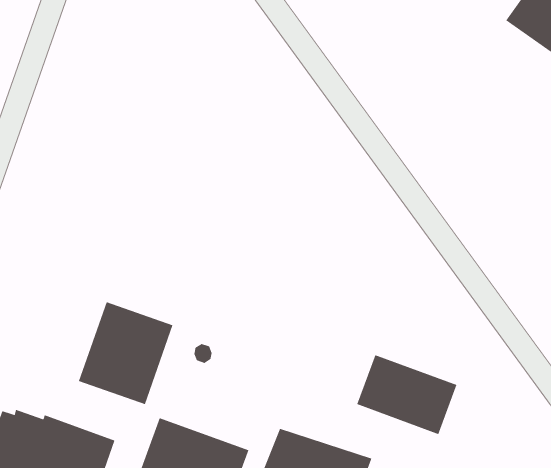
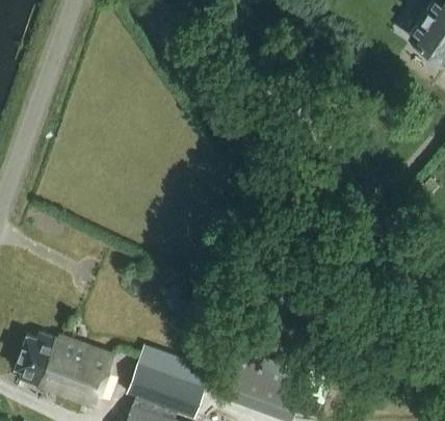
building: [78,301,174,405] -> none
building: [356,354,458,435] -> none

